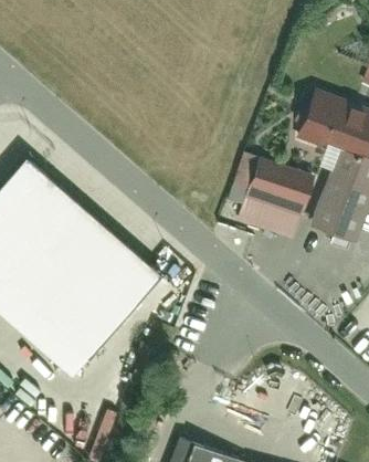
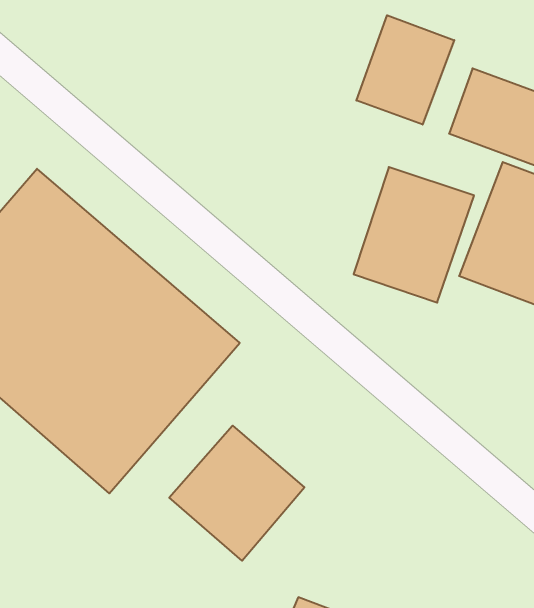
building: none -> [356,15,454,125]
building: none -> [169,426,304,561]

